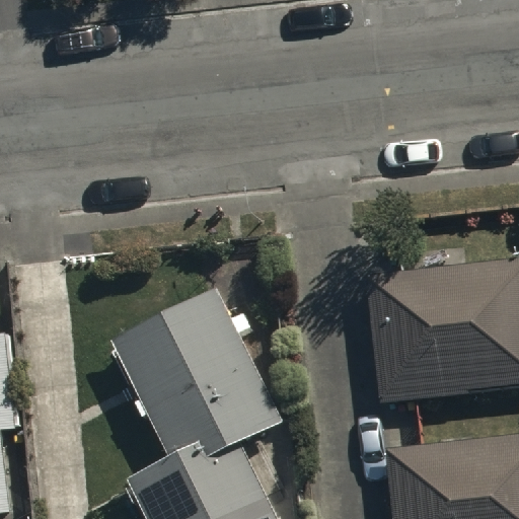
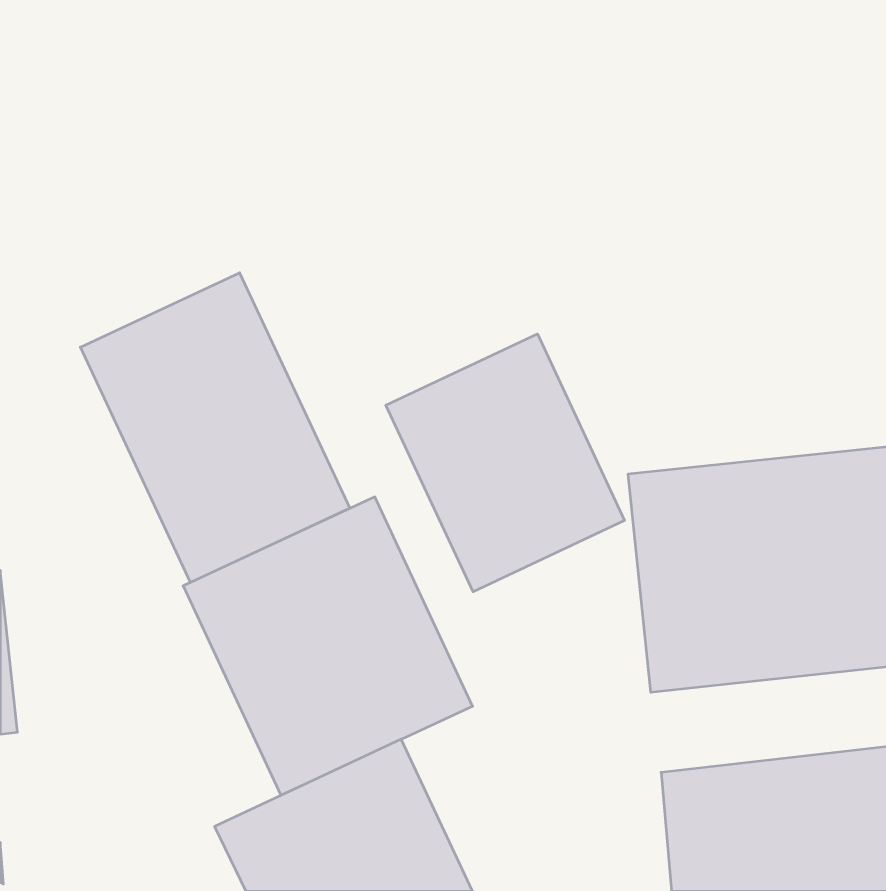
building: none -> [80,273,350,582]
building: none -> [386,334,624,592]

